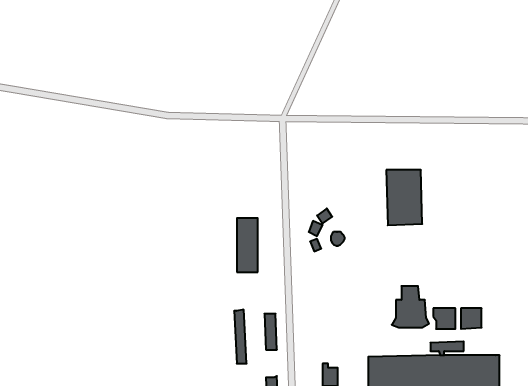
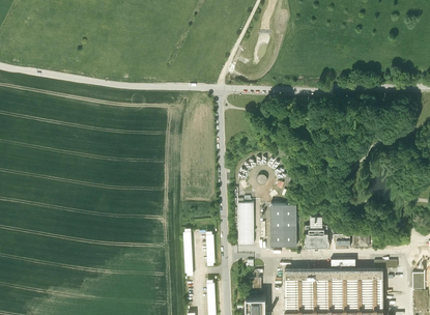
building: [386,170,422,225] -> [269,204,296,246]
building: [237,218,258,272] -> [237,203,253,244]

